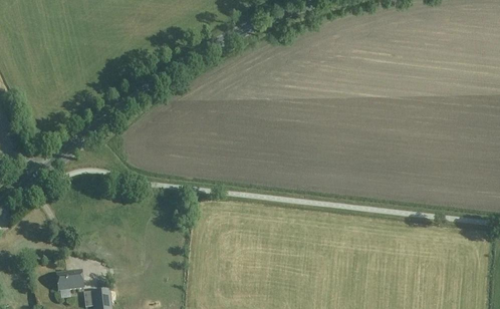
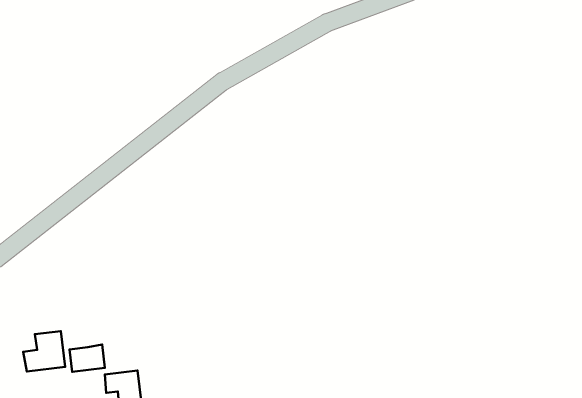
building: none -> [23,331,65,372]

